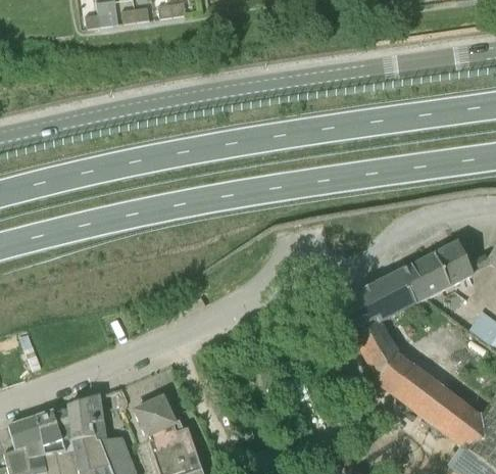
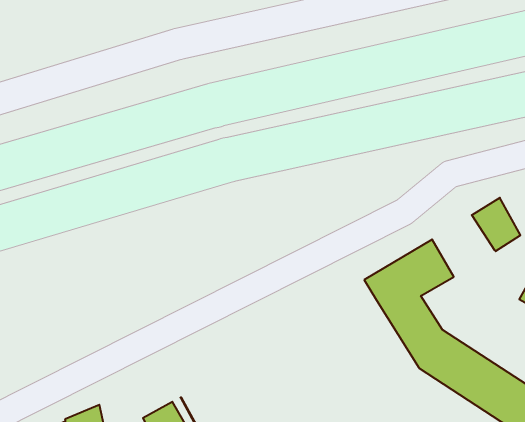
building: [397,254,451,306] -> none

